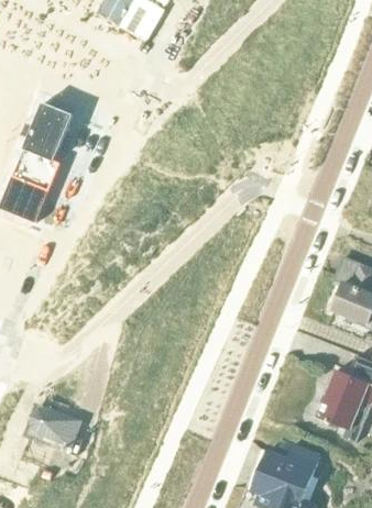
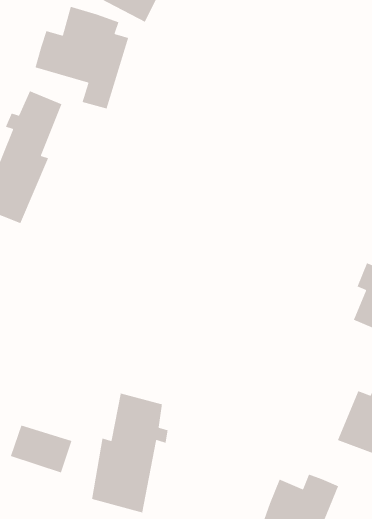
building: none -> [34,6,129,110]
building: none -> [91,393,169,514]

